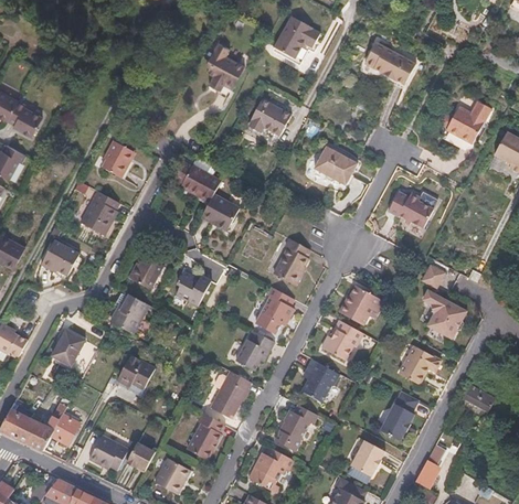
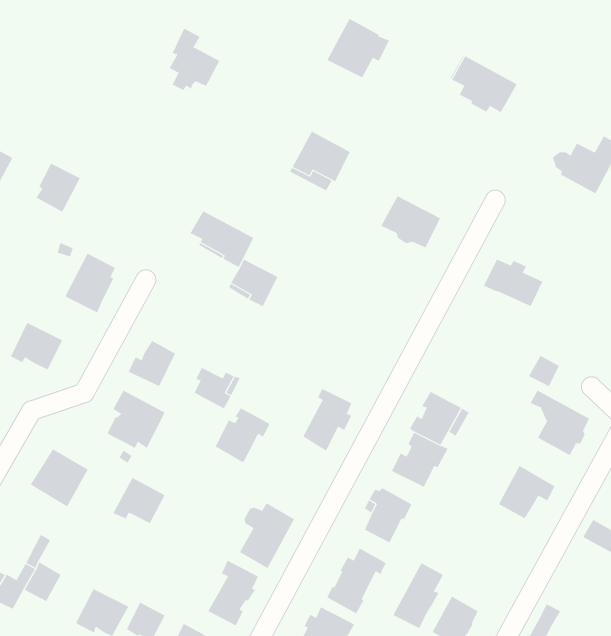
building: [205,40,243,86] -> [169,28,220,91]
building: [102,138,135,174] -> [36,163,81,213]
building: [272,238,306,283] -> none
building: [232,331,273,372] -> [215,407,271,463]
building: [380,390,417,439] -> [393,563,444,629]

